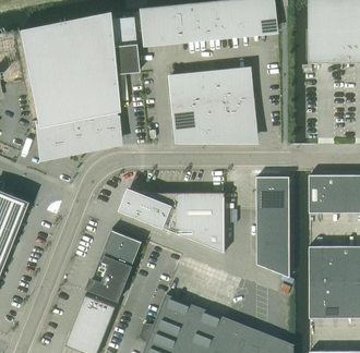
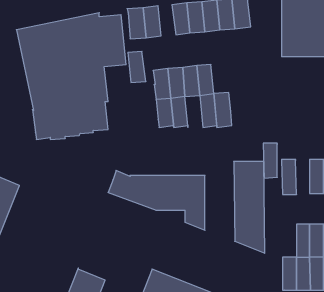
building: [173,7,193,40] -> [128,51,146,82]
building: [231,70,251,104] -> none
building: [203,106,223,141] -> none
building: [324,175,339,214] -> [263,143,277,178]
building: [87,229,142,302] -> none
building: [310,246,325,282] -> none

